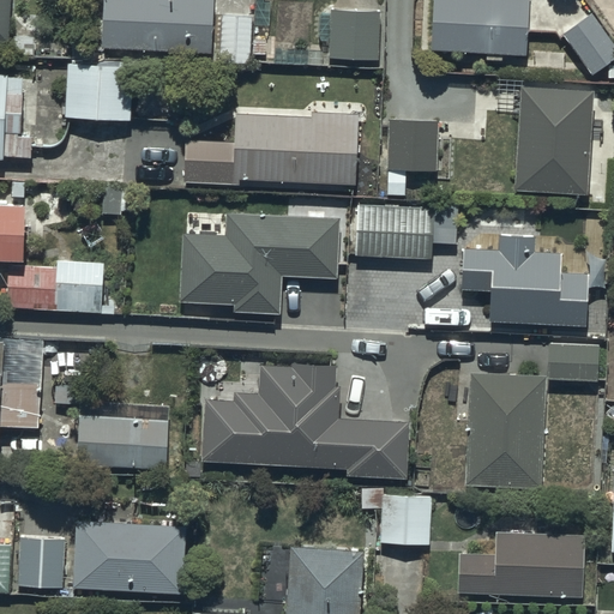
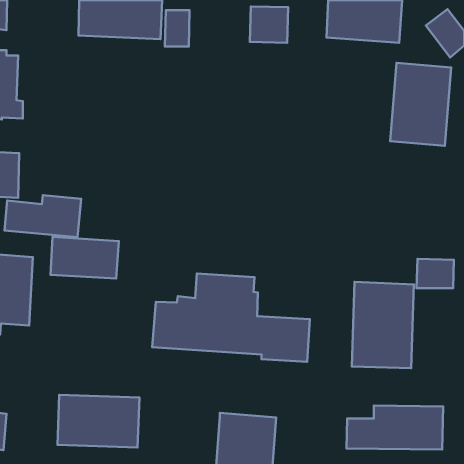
building: [64,62,132,119] -> none
building: [185,115,356,185] -> none
building: [387,119,458,171] -> none
building: [354,203,460,263] -> none
building: [179,212,341,314] -> none
building: [462,234,591,329] -> none
building: [77,415,167,470] -> [51,237,119,279]
building: [378,498,429,548] -> none
building: [14,538,62,588] -> none

